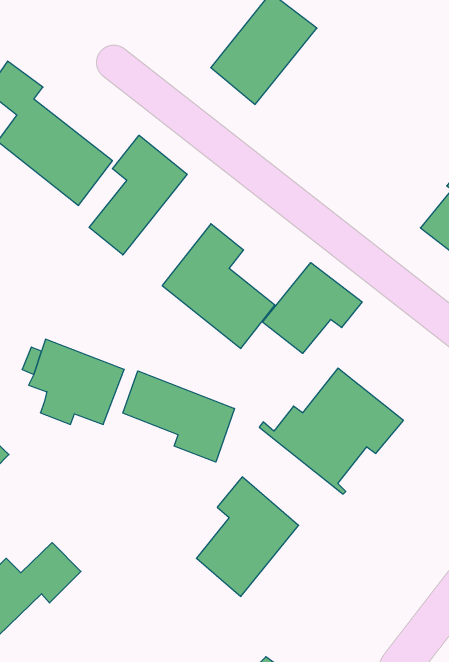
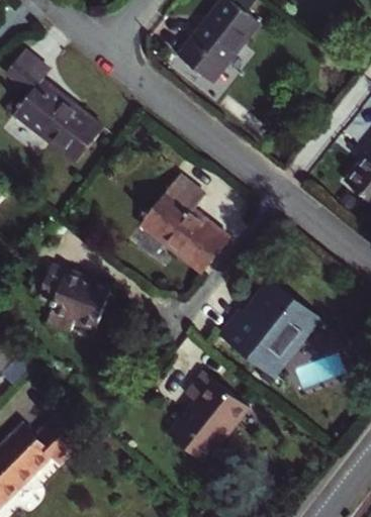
building: [89,135,187,255] -> none
building: [263,263,362,353] -> none
building: [123,371,234,462] -> none

